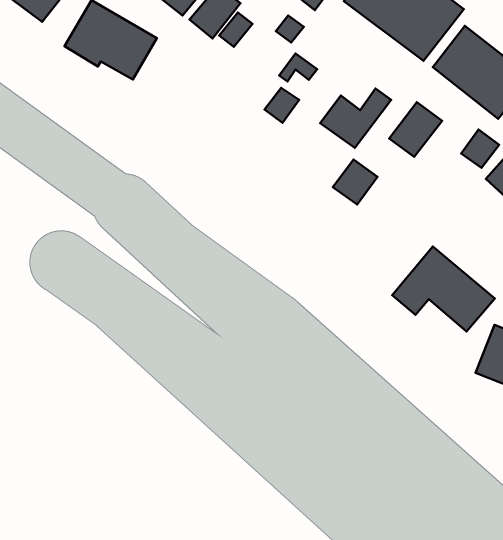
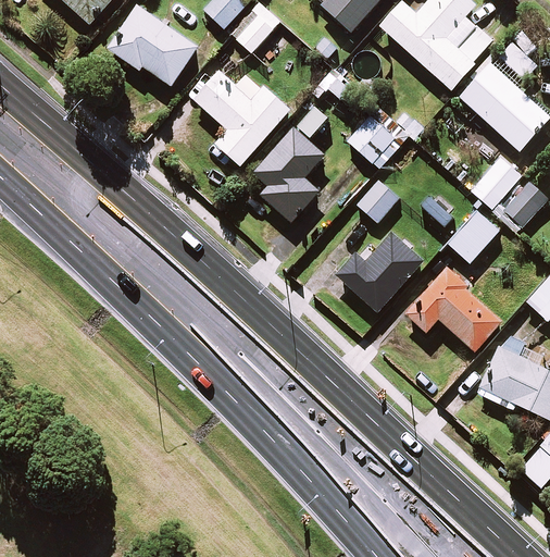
building: none -> [195,72,289,165]
building: [389,102,442,157] -> [447,210,499,262]
building: none -> [253,127,325,223]
building: none -> [336,233,423,311]

